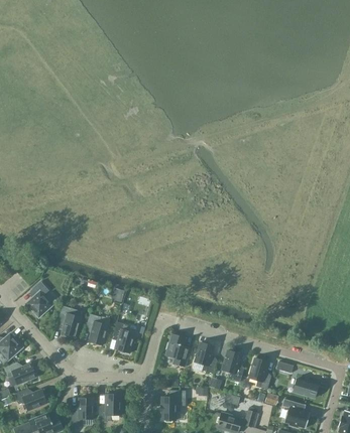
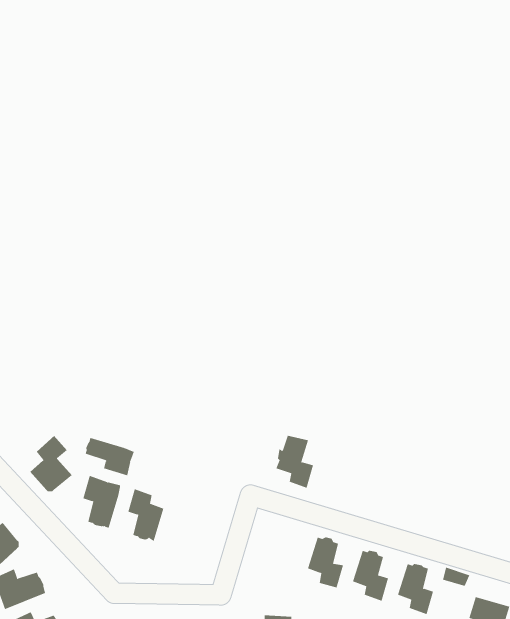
building: none -> [85,437,134,476]
building: [113,321,135,352] -> none
building: [165,334,189,367] -> [276,435,314,489]

